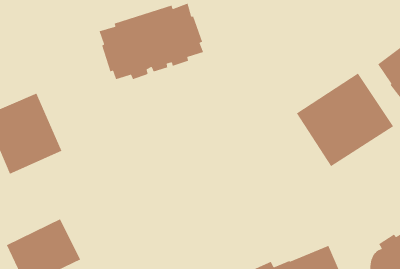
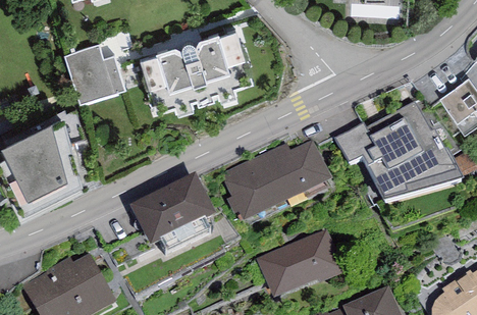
building: none -> [68,40,125,97]
building: none -> [232,145,340,228]
building: none -> [139,183,221,250]
building: none -> [252,227,342,301]

